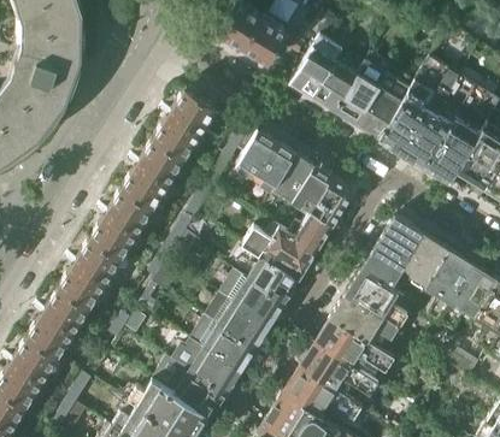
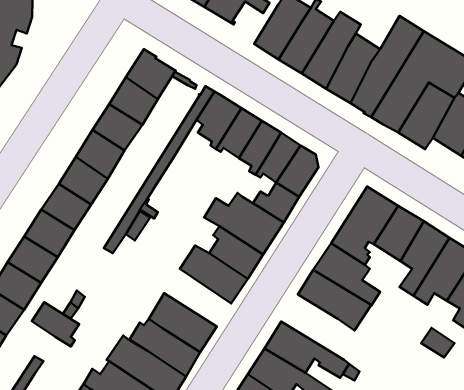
building: [205,295,267,349] -> none
building: [314,319,394,380] -> none
building: none -> [32,302,79,347]

